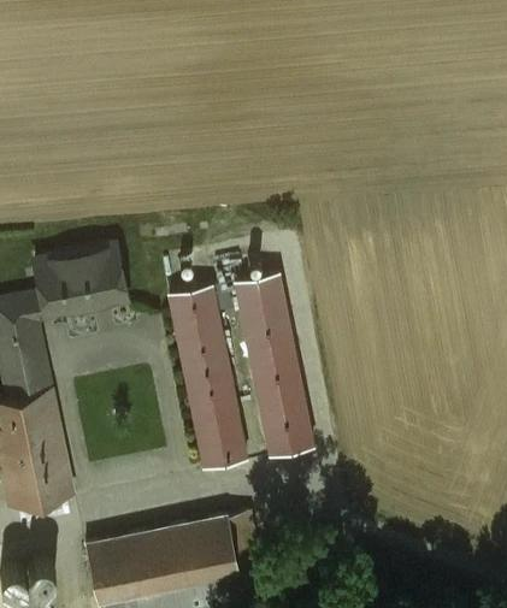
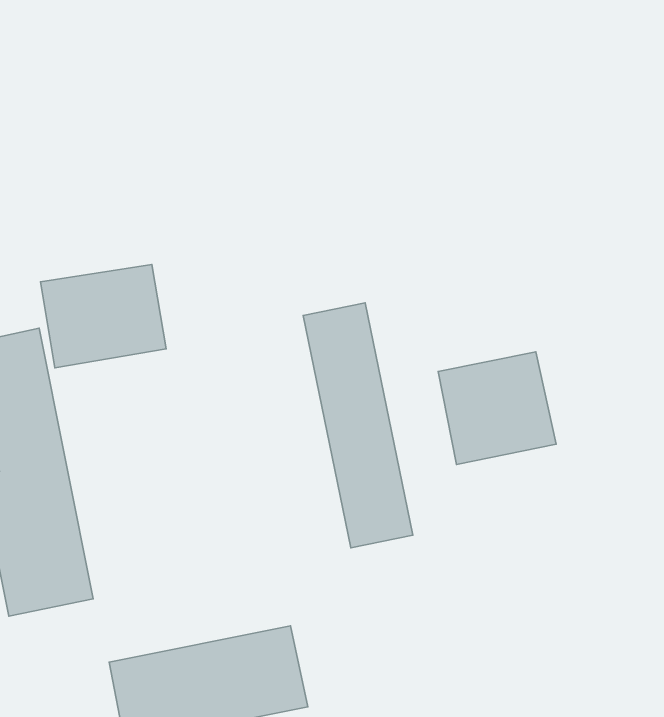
building: [166,285,249,471] -> none
building: none -> [438,352,556,465]

